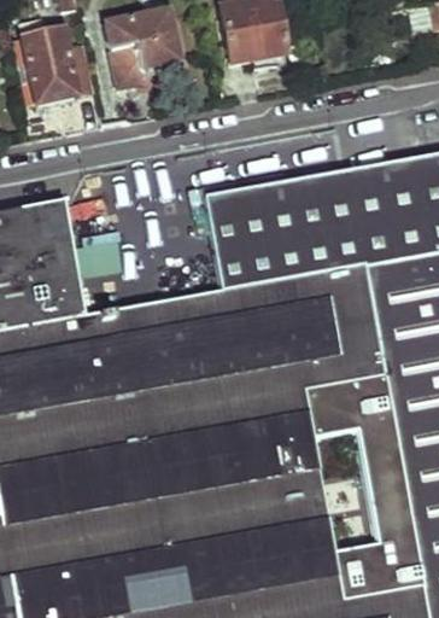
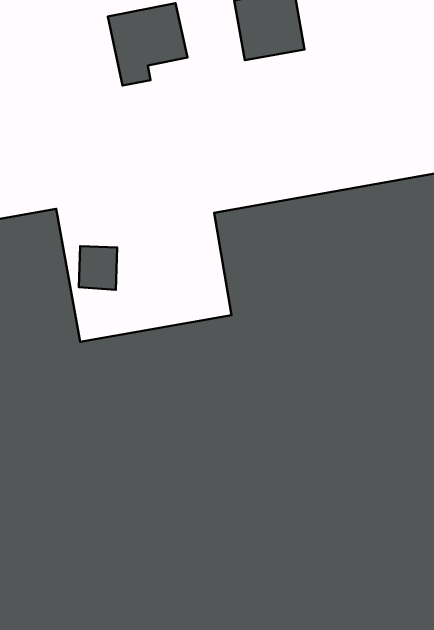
building: [23,28,80,101] -> none

